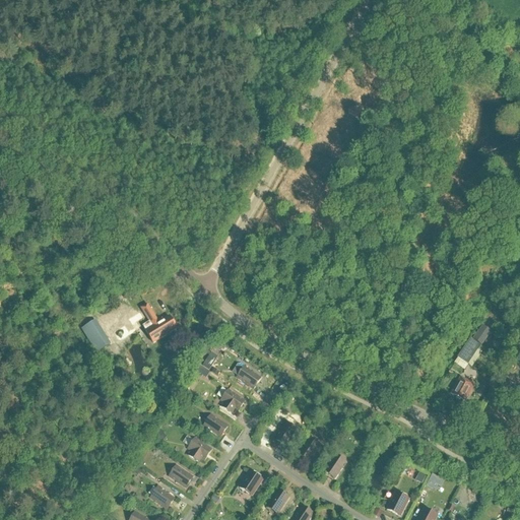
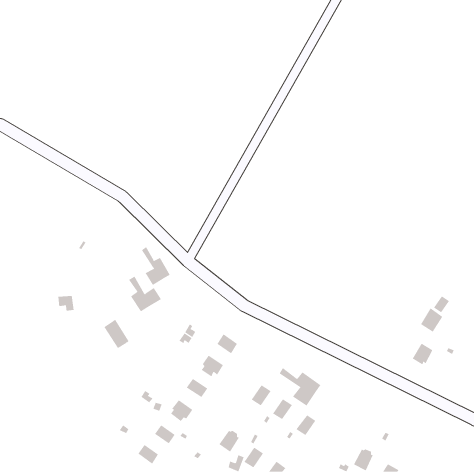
building: none -> [141,246,171,286]
building: [83,318,112,350] -> [104,319,130,349]
building: none -> [279,367,321,407]

